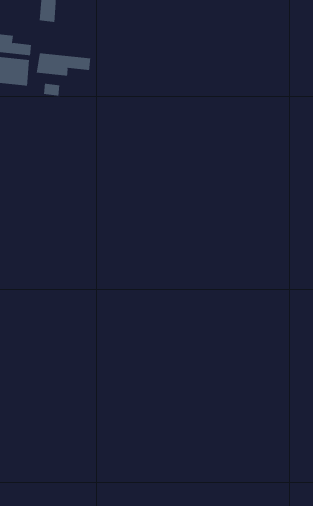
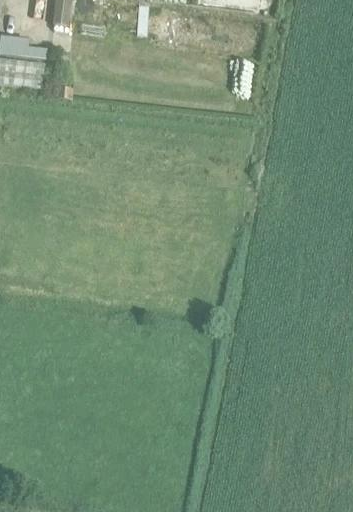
building: [36,53,91,77] -> none

